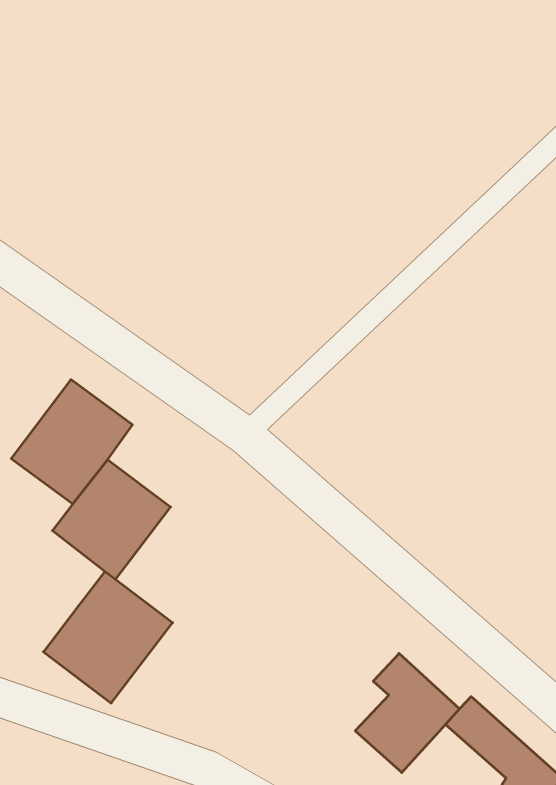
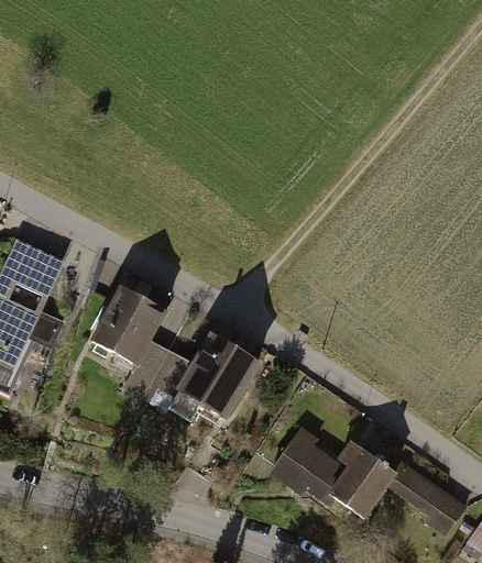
building: [43,572,173,703] -> [175,340,255,423]
building: none -> [271,427,348,499]

